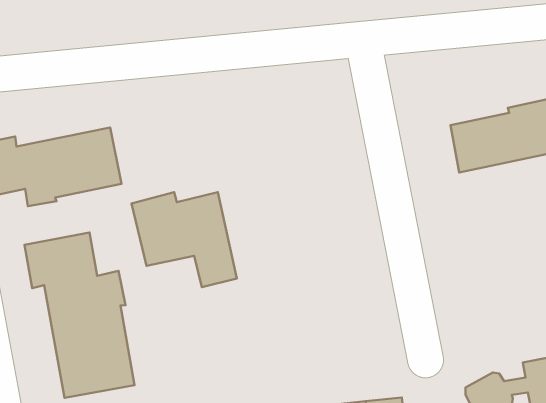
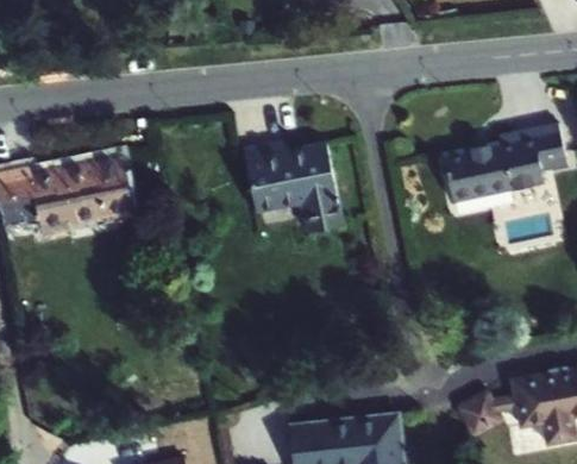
building: [132,192,237,287] -> [244,143,344,233]
building: [25,232,134,398] -> none

